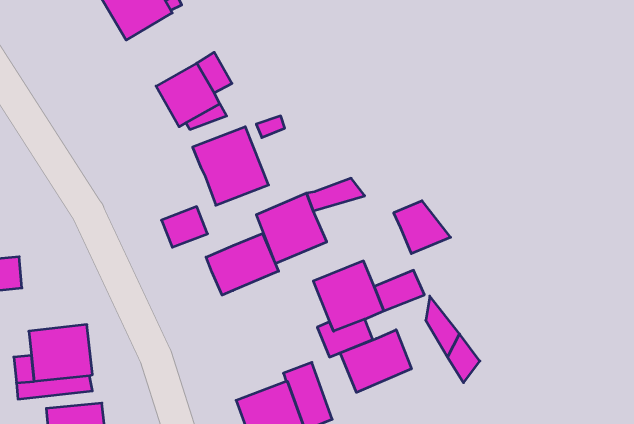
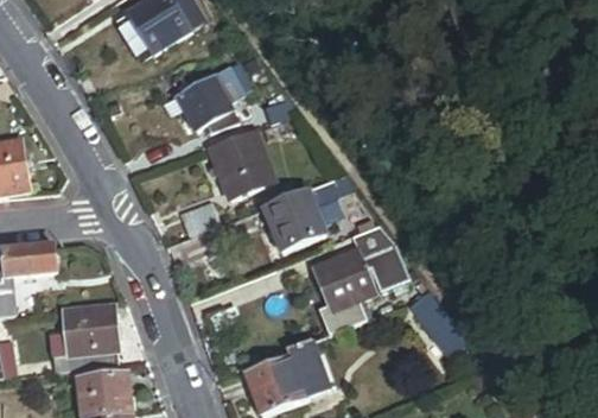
building: [394,201,451,254] -> [351,224,401,271]
building: [206,233,279,295] -> none
building: [340,330,411,392] -> none

